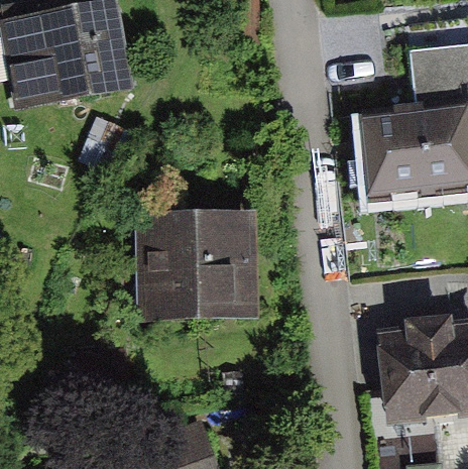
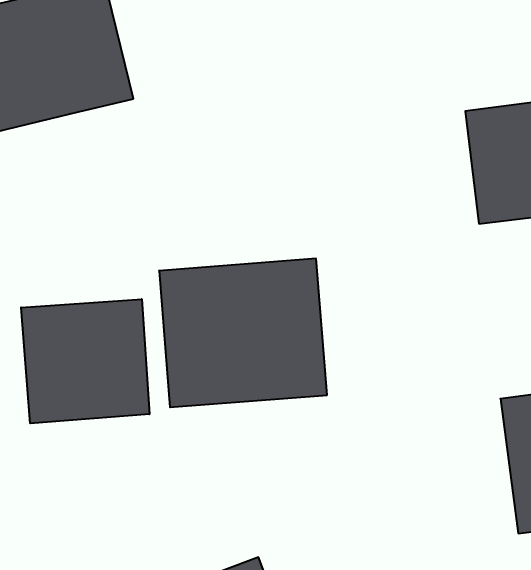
building: none -> [21,299,149,423]

